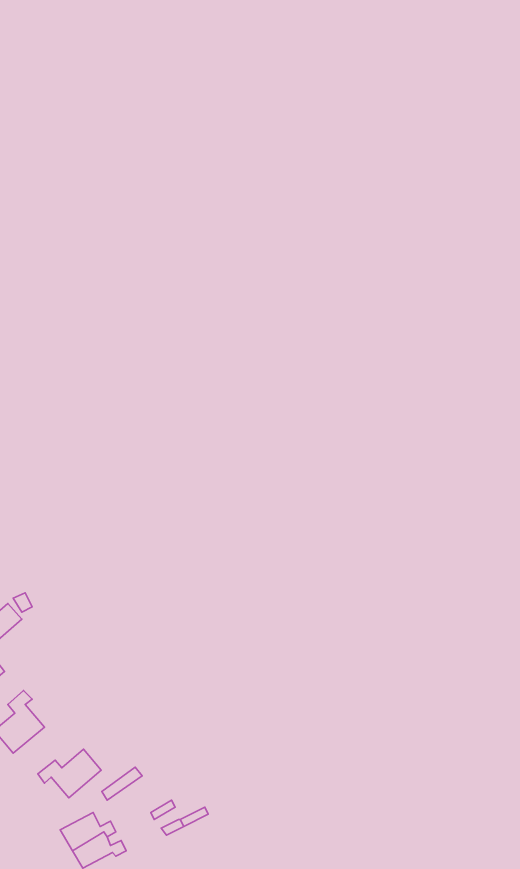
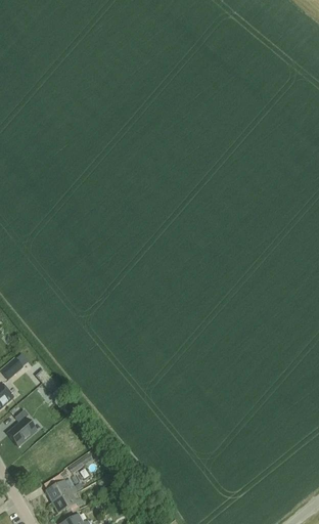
building: [38,749,101,798] -> none

